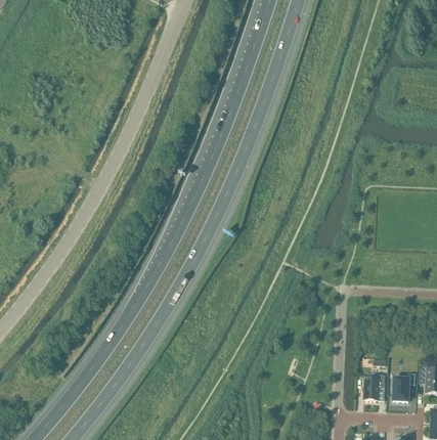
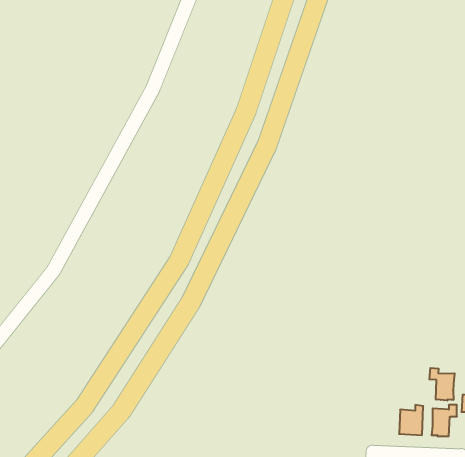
building: none -> [429,368,455,401]

